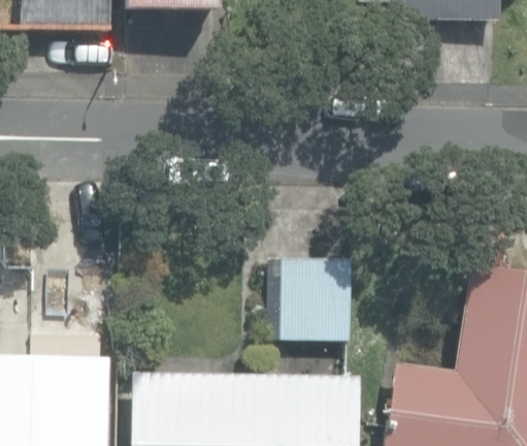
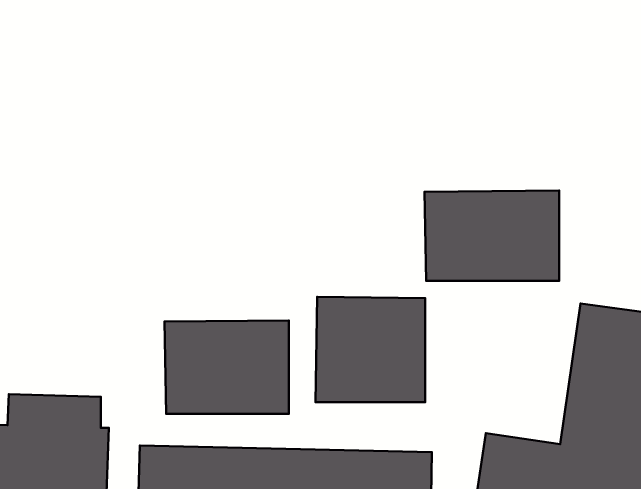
building: none -> [425,191,559,281]
building: none -> [165,320,289,414]

